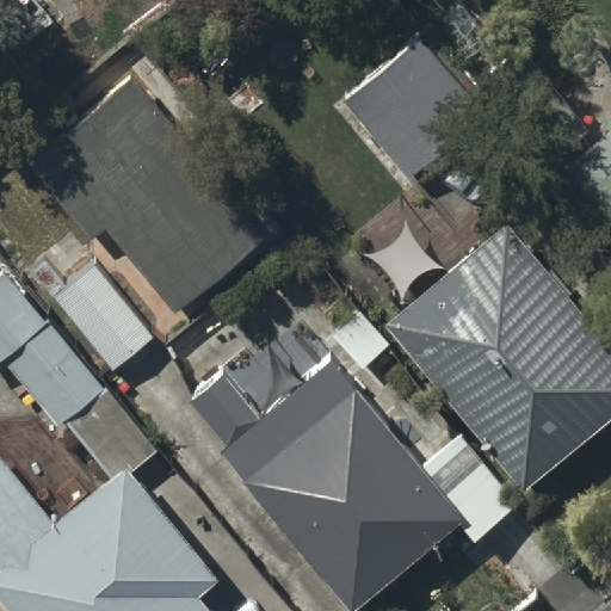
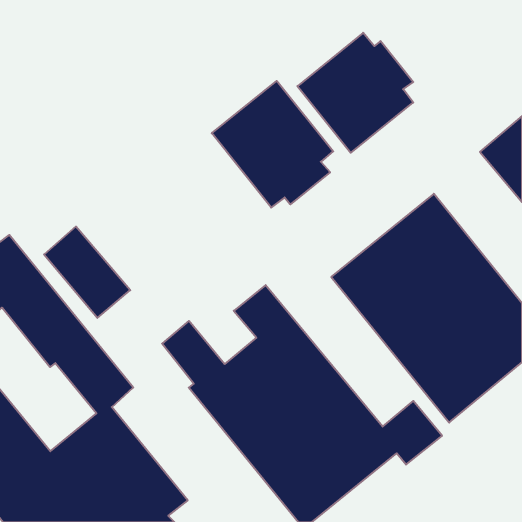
building: [29,84,259,313] -> none
building: none -> [212,81,333,208]

